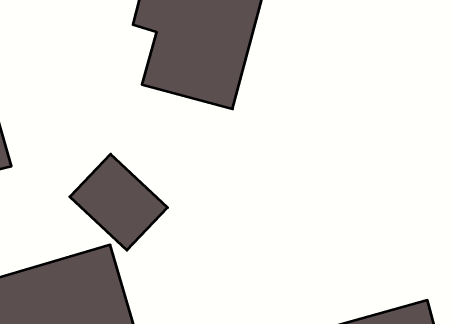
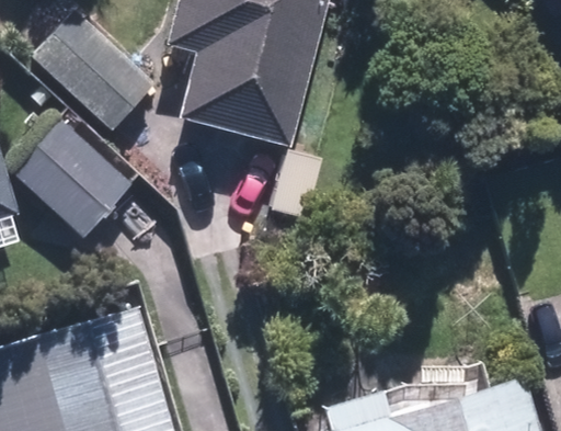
building: none -> [34,15,154,133]
building: [70,154,168,250] -> [14,120,133,236]

